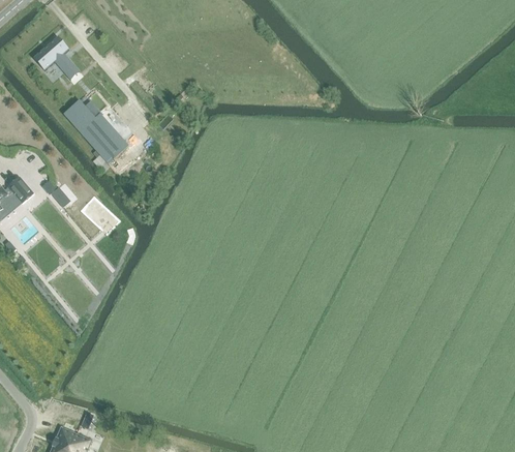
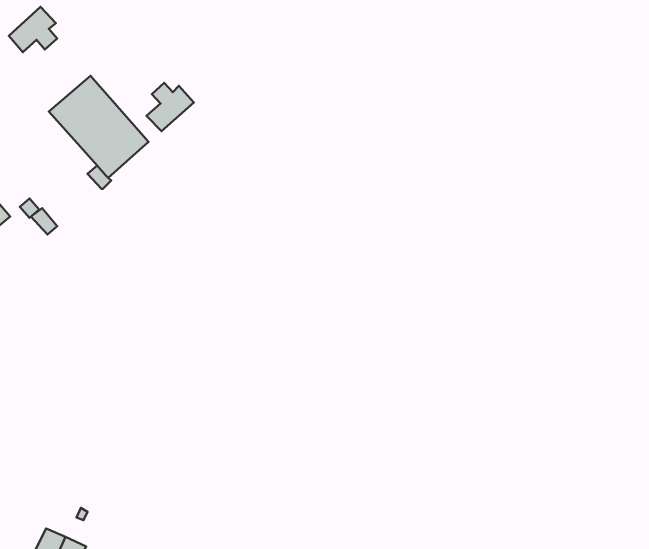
building: none -> [147,83,194,131]

